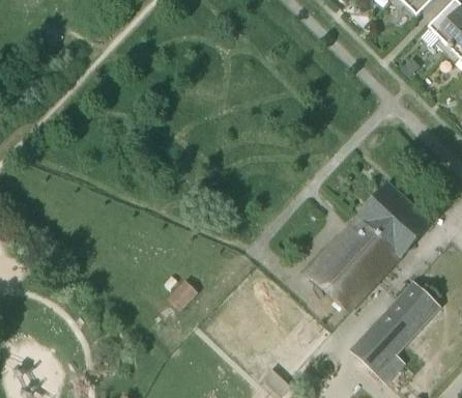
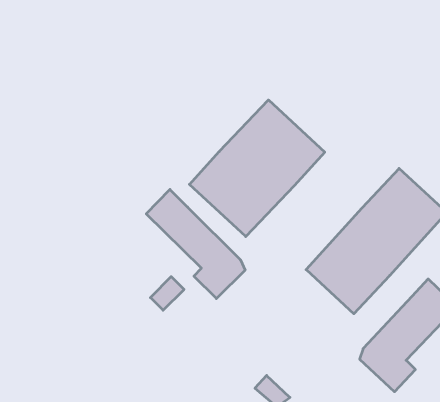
building: none -> [189,100,325,237]
building: none -> [146,189,245,299]

